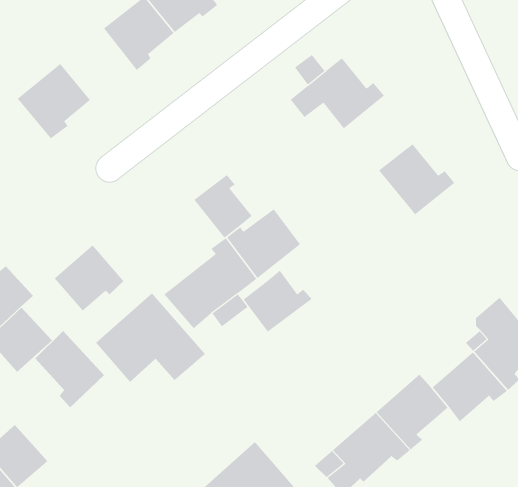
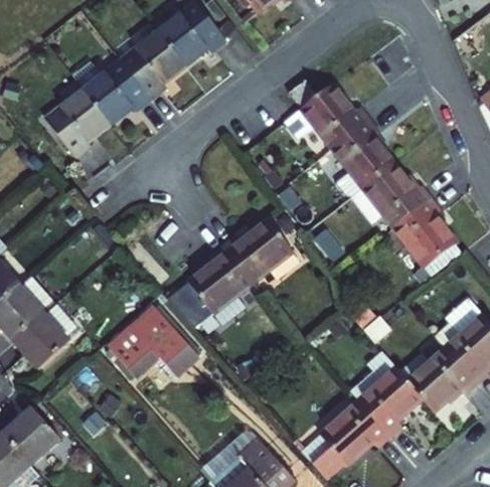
building: none -> [64,58,144,123]
building: none -> [330,119,392,195]
building: [194,174,253,239] -> none
building: none -> [394,197,457,267]
building: [54,244,124,311] -> none
building: [243,270,313,332] -> none
building: [34,330,105,408] -> none

